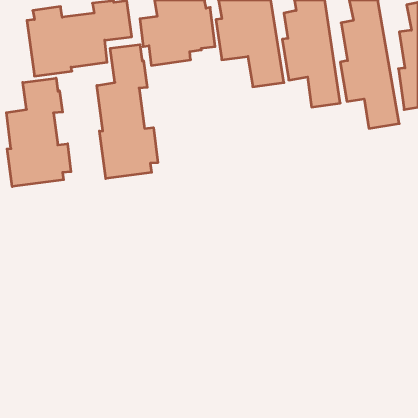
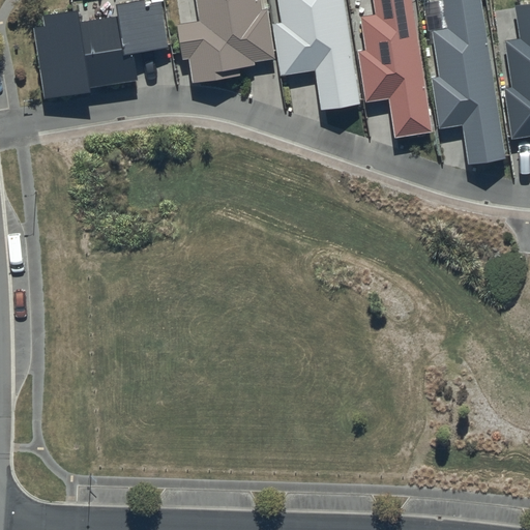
building: [97,45,158,179] -> none
building: [6,78,71,187] -> none

